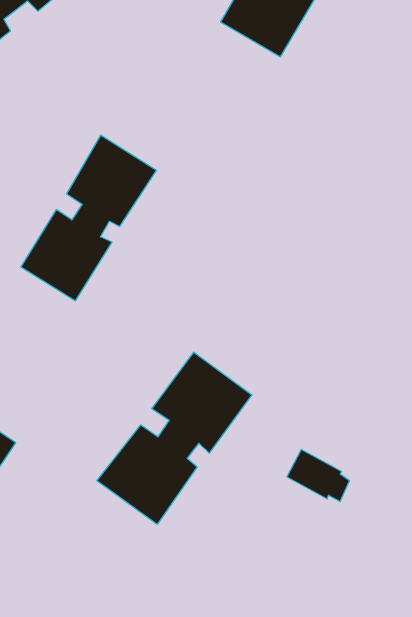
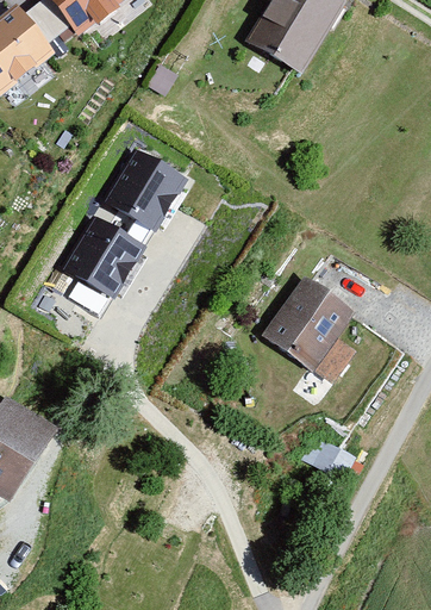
building: none -> [263,275,356,381]
building: [97,352,252,524] -> none

